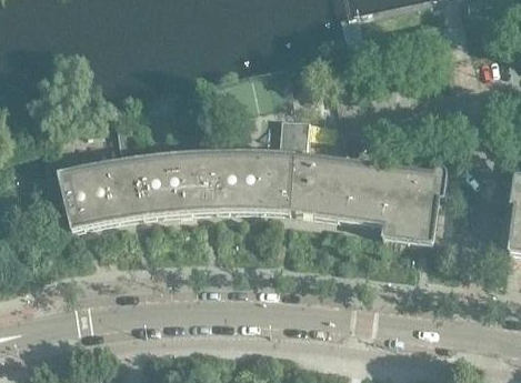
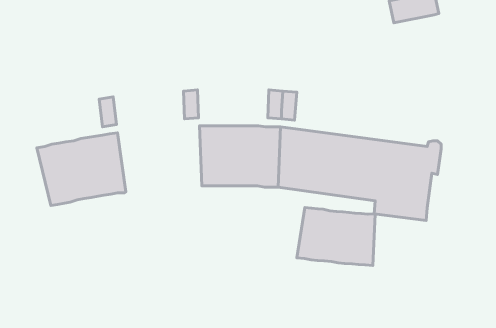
building: [137,153,218,216] -> none
building: none -> [297,208,375,265]

